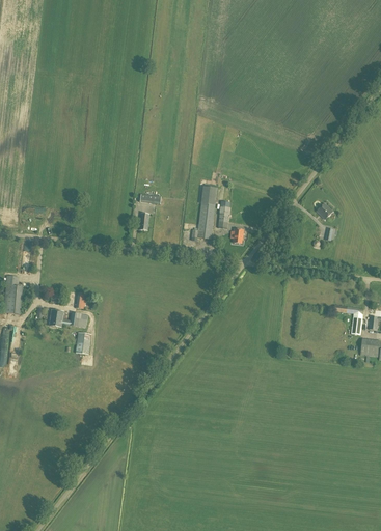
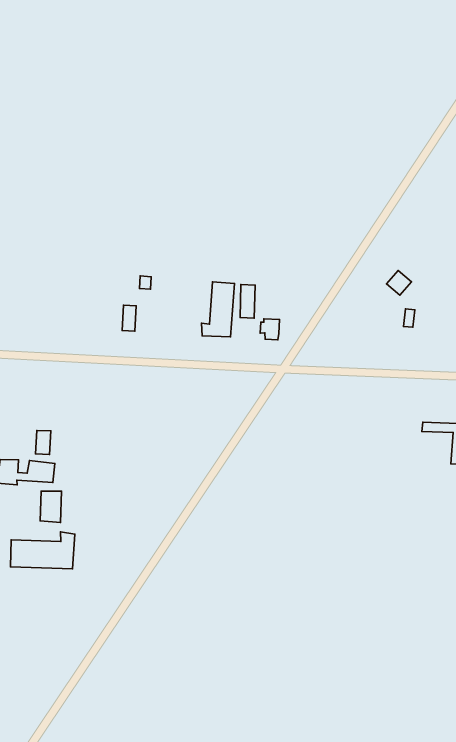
building: none -> [10,532,75,569]

